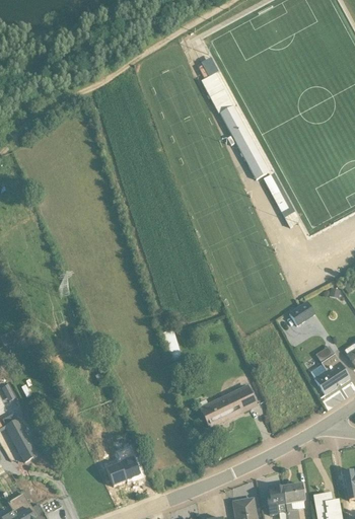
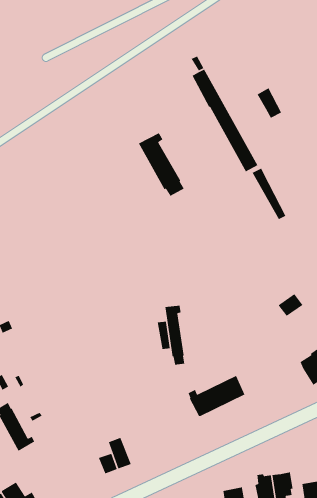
building: none -> [257,87,282,119]
building: none -> [138,132,185,197]
building: none -> [165,305,185,366]

